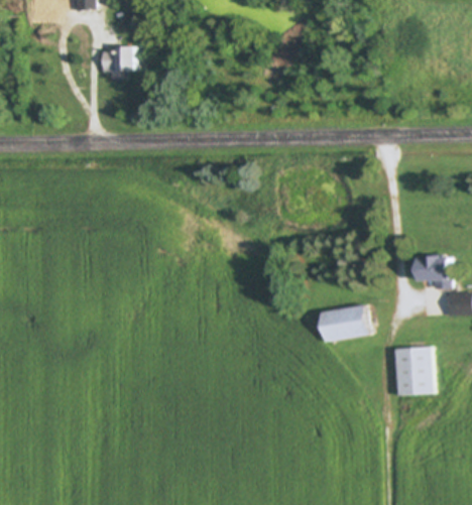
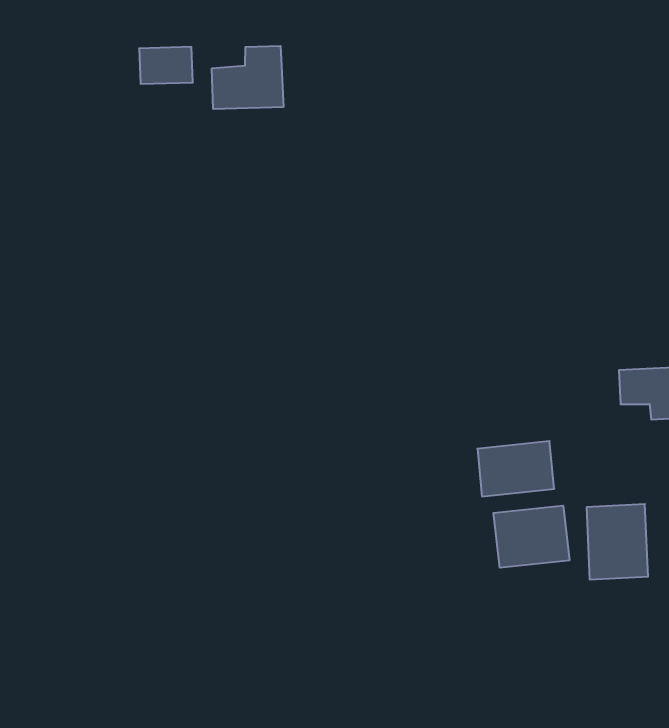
building: none -> [212,46,283,109]
building: none -> [493,506,569,568]

